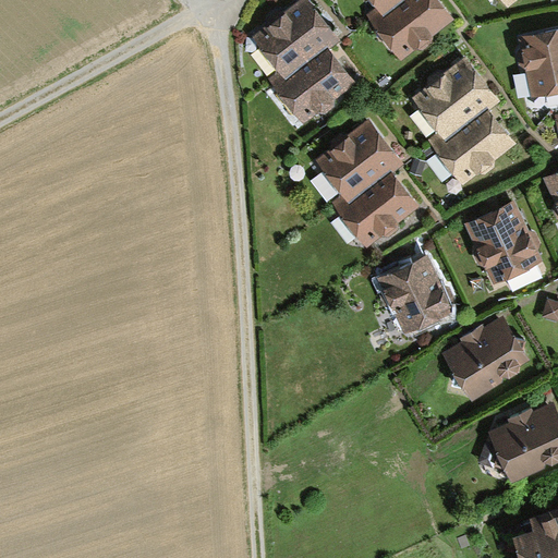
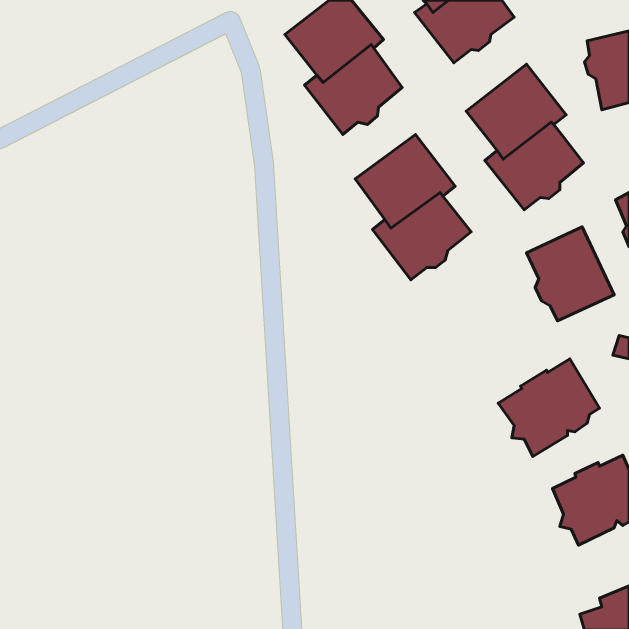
building: [378,255,453,335] -> none

